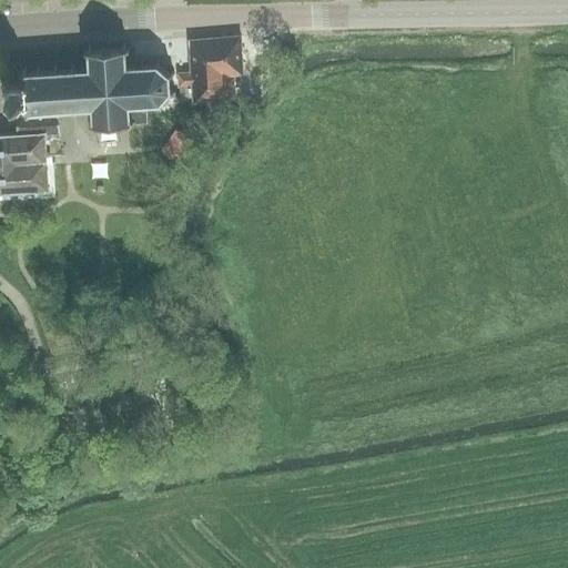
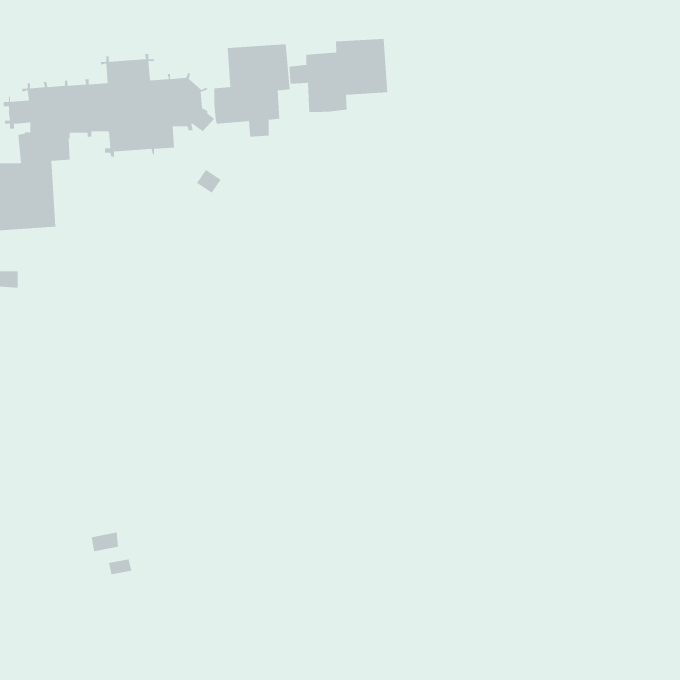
building: none -> [289,38,388,113]

